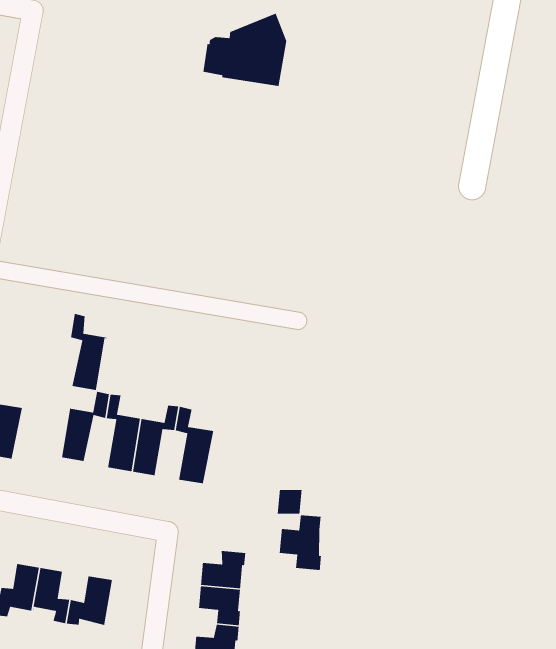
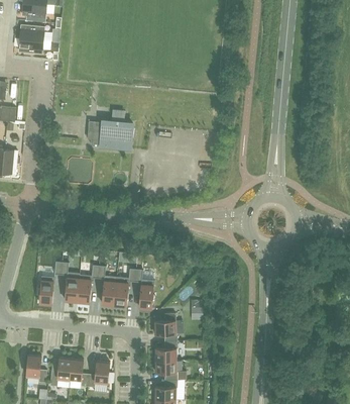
building: [202,12,287,87] -> [90,109,132,147]
building: [70,313,107,391] -> [61,261,80,300]
building: [279,514,322,571] -> [154,312,177,340]

